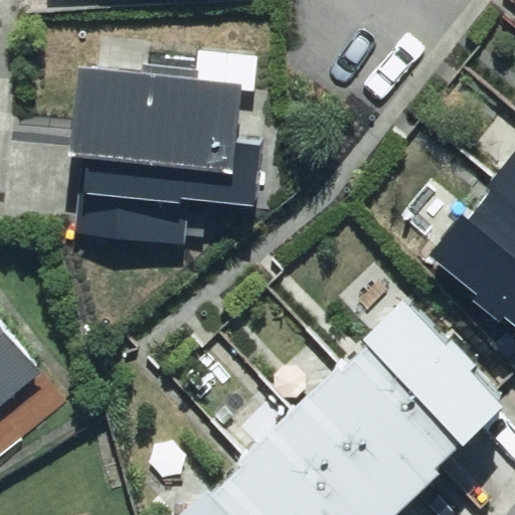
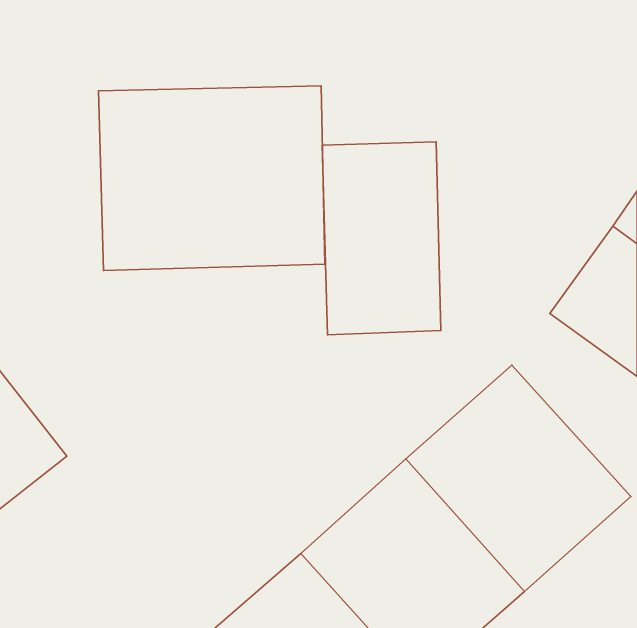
building: none -> [322,142,441,335]

